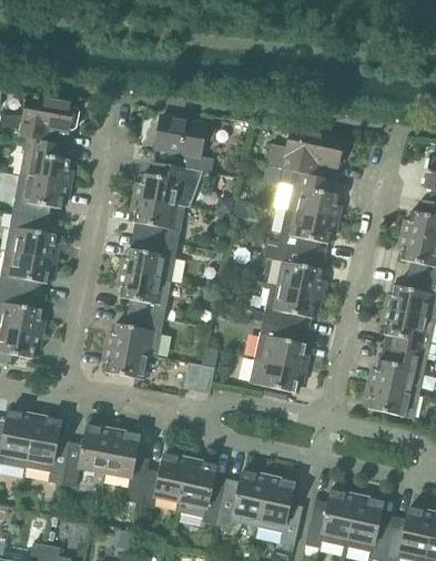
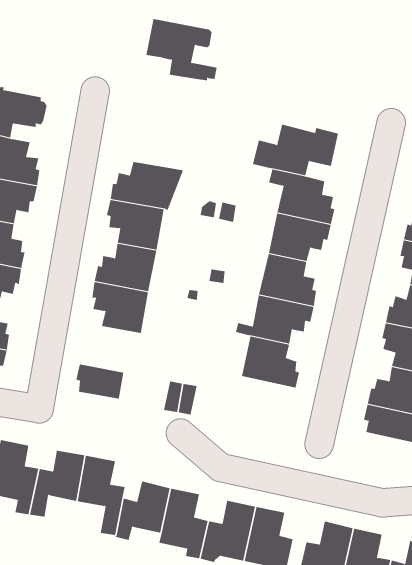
building: [154,114,220,171] -> [146,19,217,81]
building: [107,312,163,356] -> none
building: [249,357,304,391] -> none

